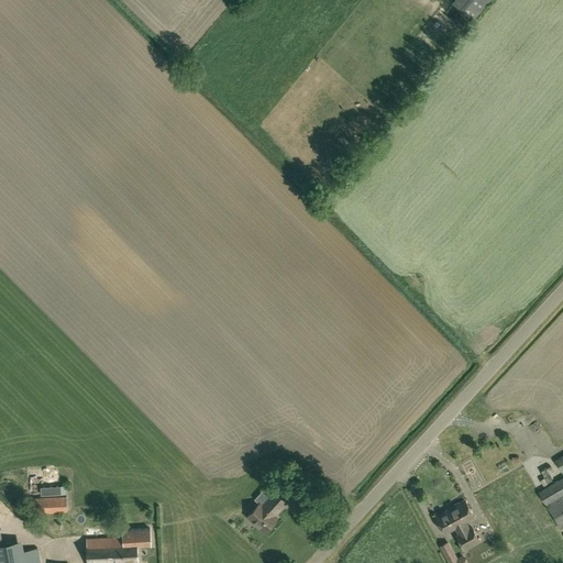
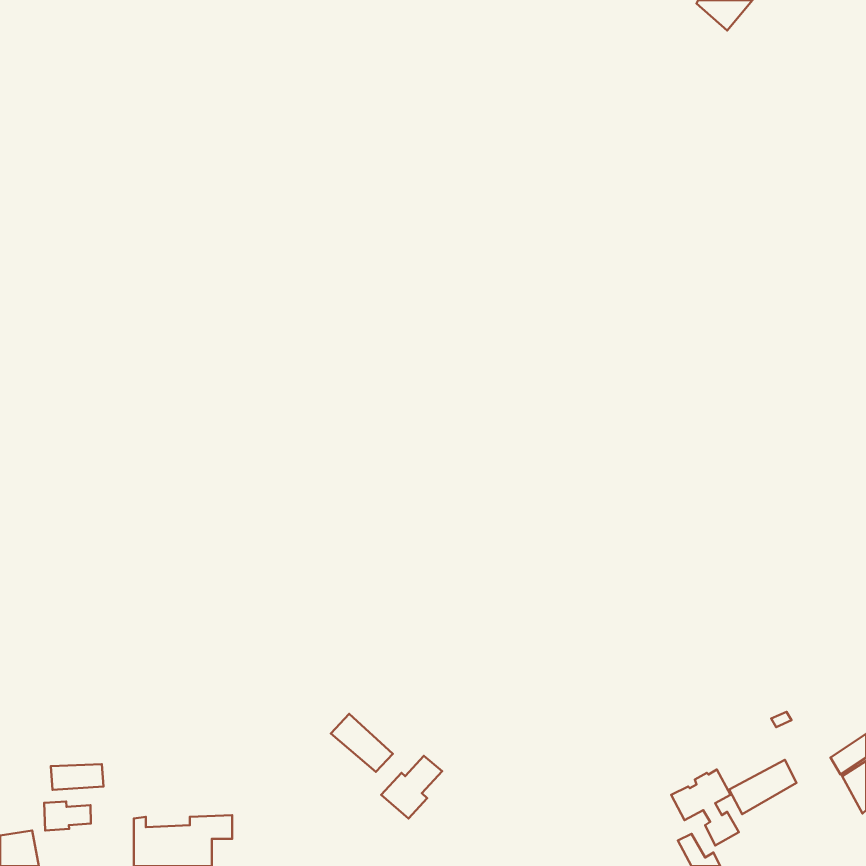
building: none -> [331,714,393,772]
building: none -> [729,760,797,814]
building: none -> [44,802,91,830]

